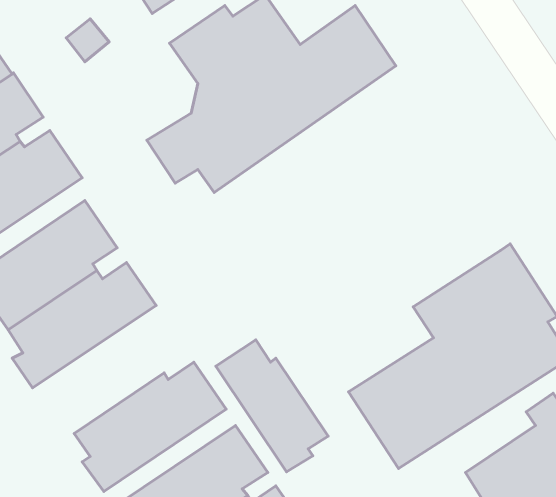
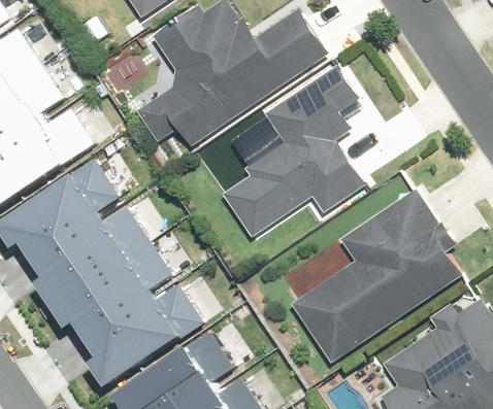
building: none -> [223,82,367,237]
building: none -> [50,238,168,336]
building: [216,340,328,472] -> none

